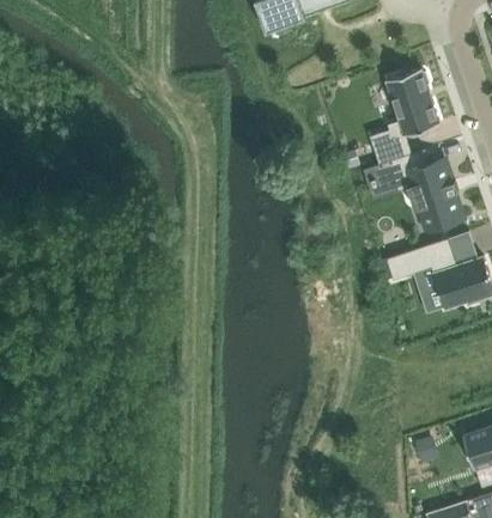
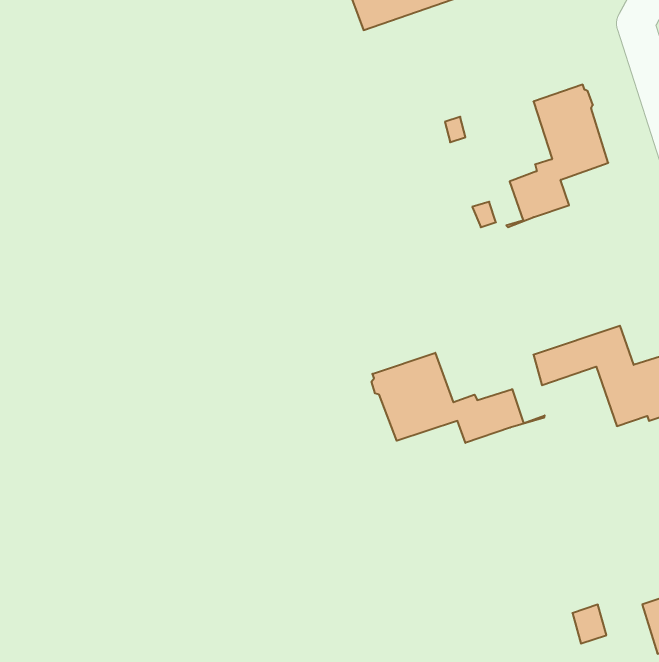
building: [385,150,462,231] -> none
building: none -> [372,353,545,443]

